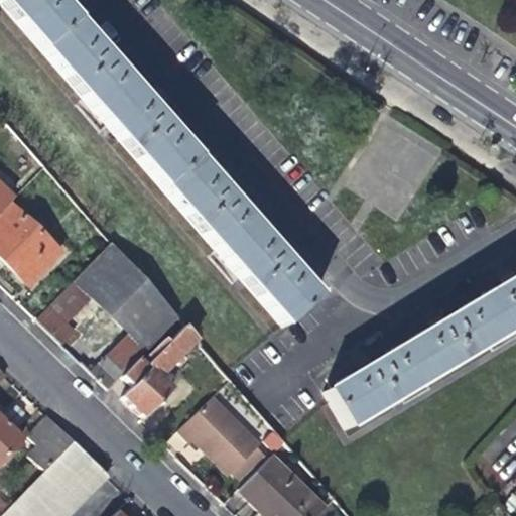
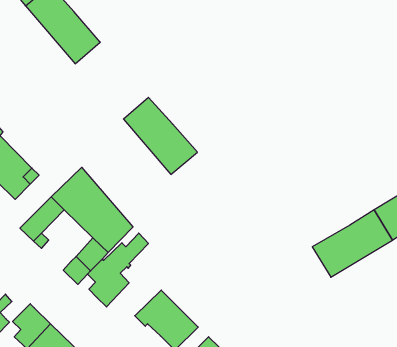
building: [108,86,200,182] -> none
building: [228,224,320,320] -> none
building: [330,343,428,426] -> none

